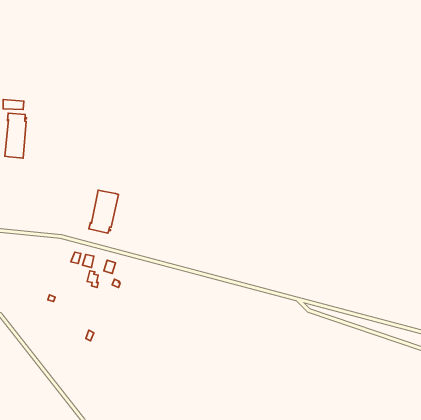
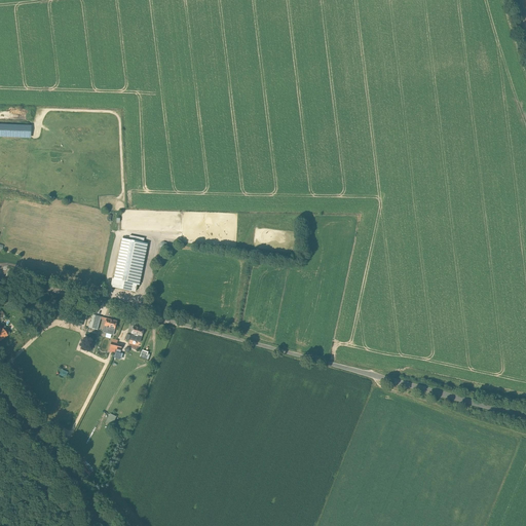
building: [5,113,26,158] -> none

